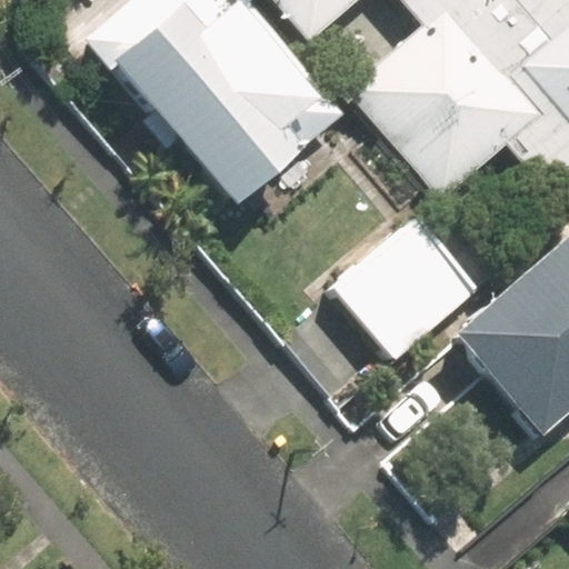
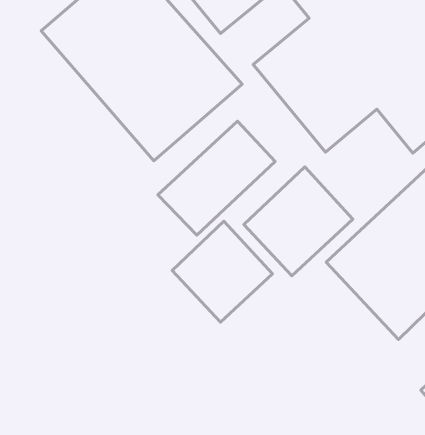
building: none -> [158,121,275,235]
building: none -> [172,221,272,322]

